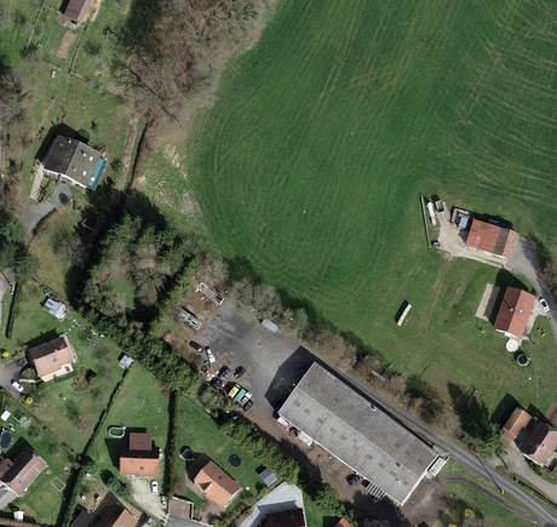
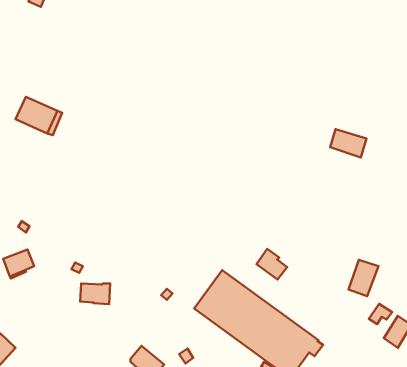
building: [466,219,513,256] -> [330,129,366,157]
building: [495,288,534,336] -> [348,260,378,296]
building: none -> [256,249,287,279]
building: [120,447,159,474] -> [80,284,110,304]

